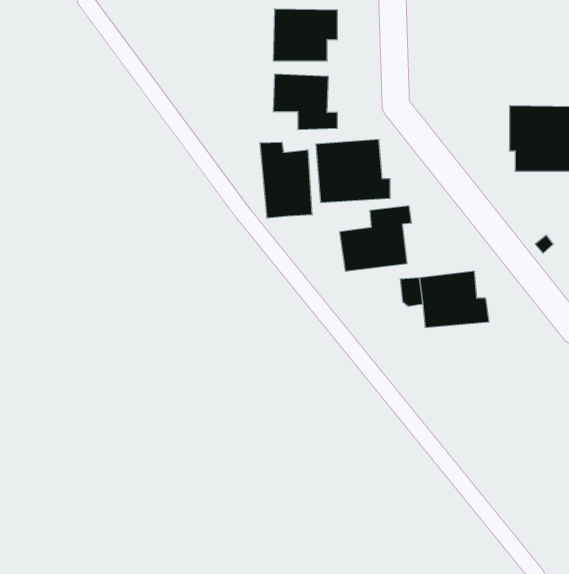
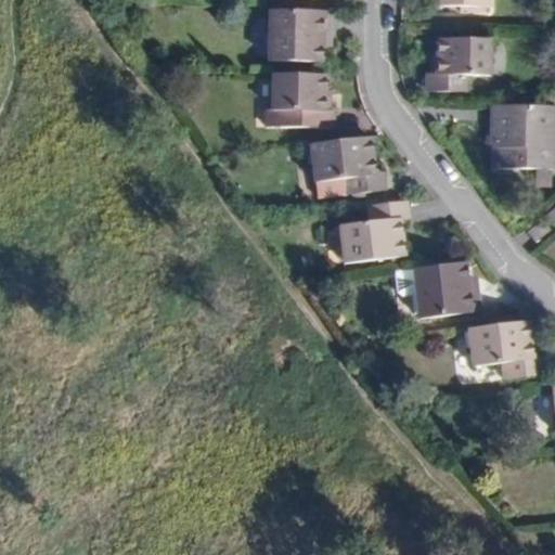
building: none -> [429,35,492,87]
building: [260,142,312,218] -> none
building: none -> [468,323,542,380]

